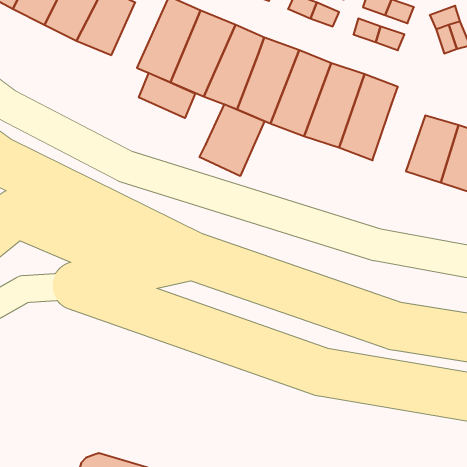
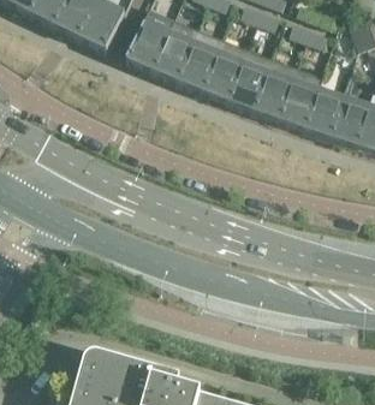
building: [139,73,195,118] -> none
building: [200,104,265,176] -> none
building: none -> [303,89,343,139]

